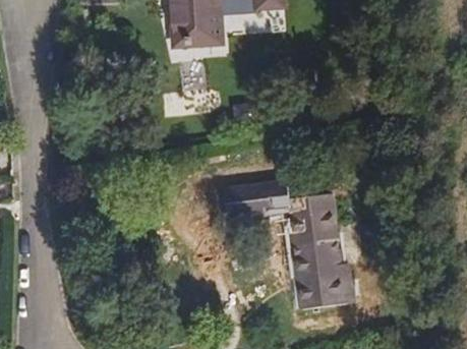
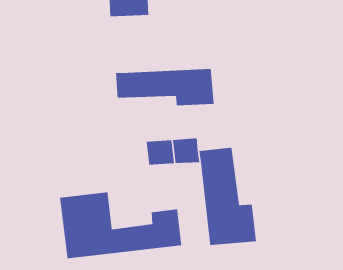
building: none -> [115,68,214,106]
building: none -> [60,192,182,259]

